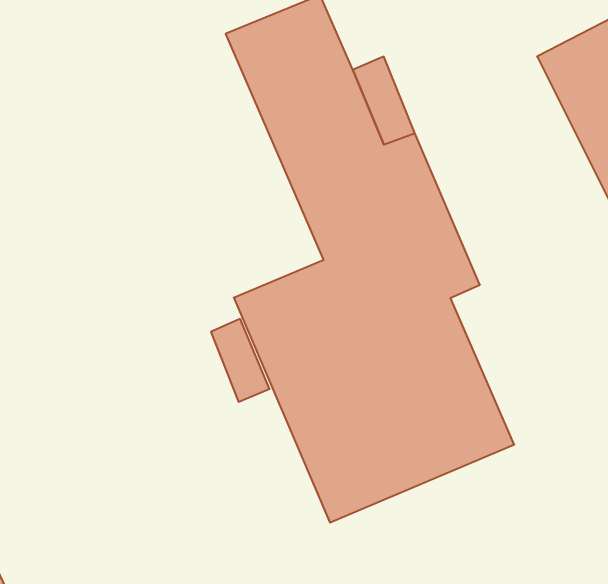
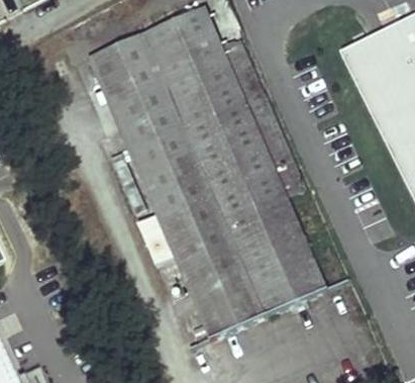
building: none -> [93,33,208,197]

